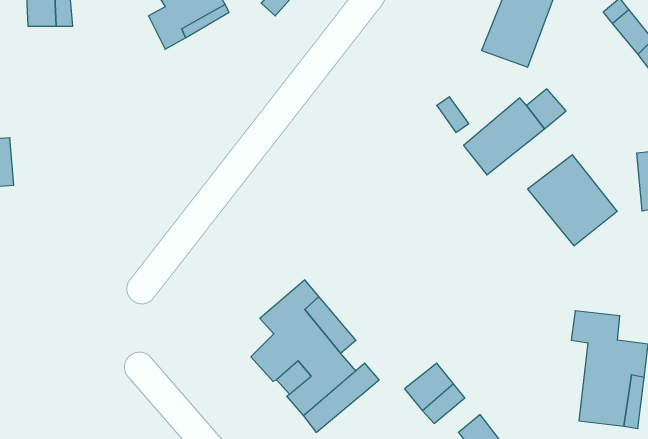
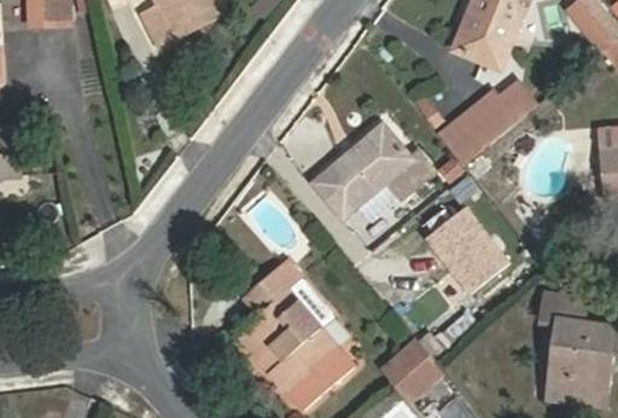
building: none -> [314,124,430,216]
building: [528,155,617,246] -> [422,202,507,288]

